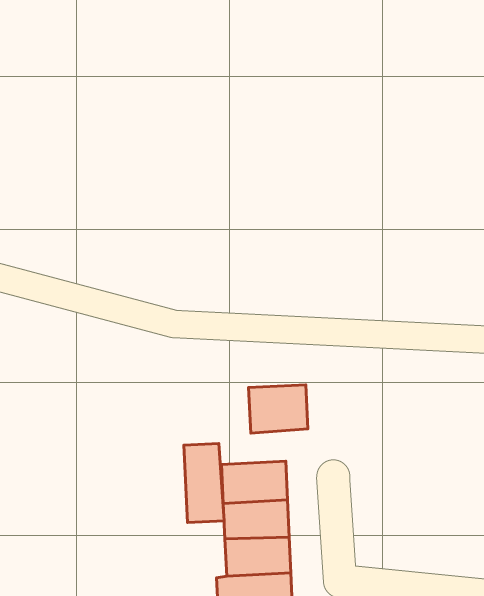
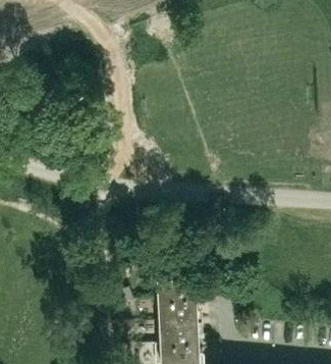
building: [248,385,308,433] -> none
building: [184,444,224,523] -> none

